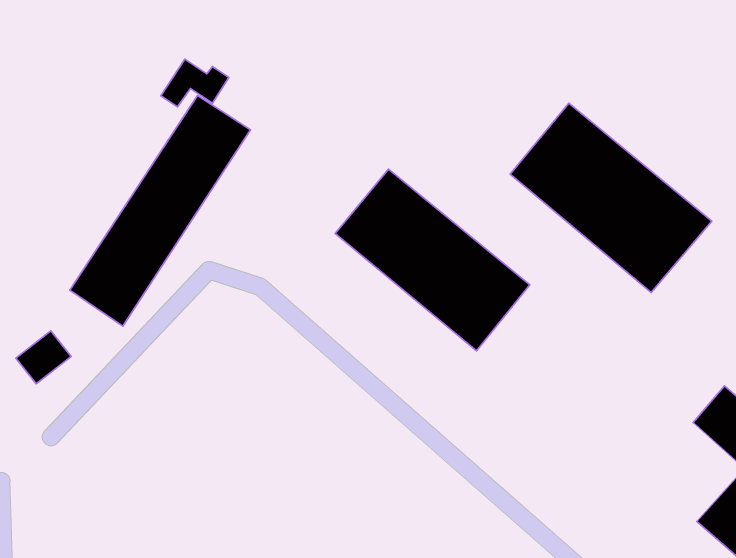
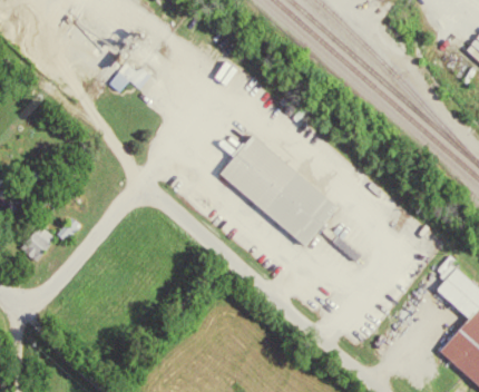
building: [70,96,250,326] -> none
building: [510,103,712,292] -> none

